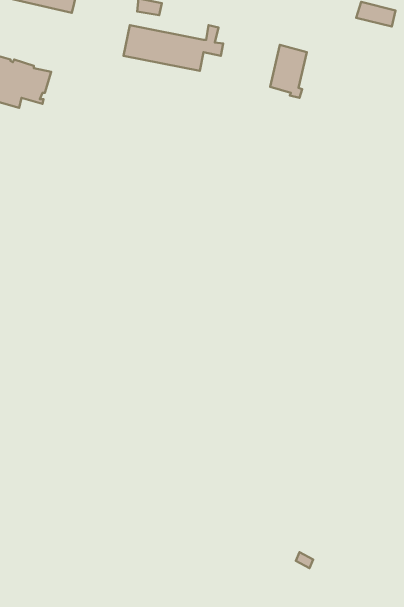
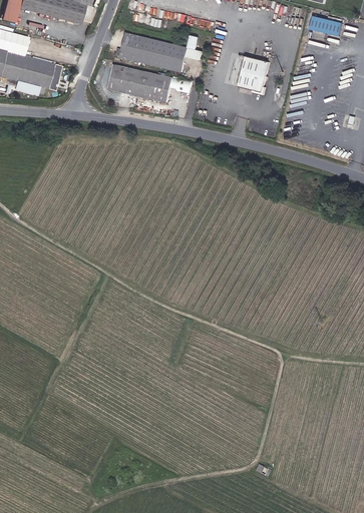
building: none -> [107,66,190,101]

